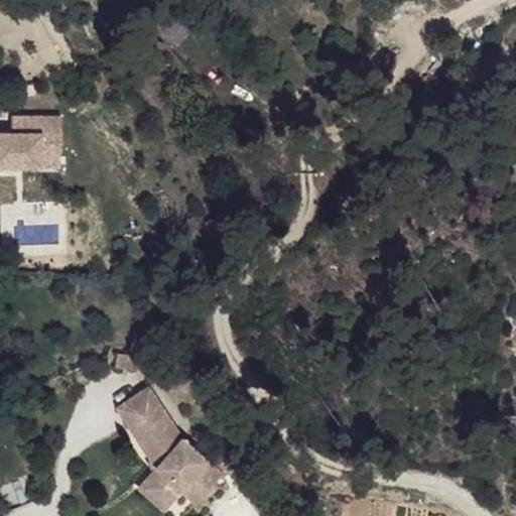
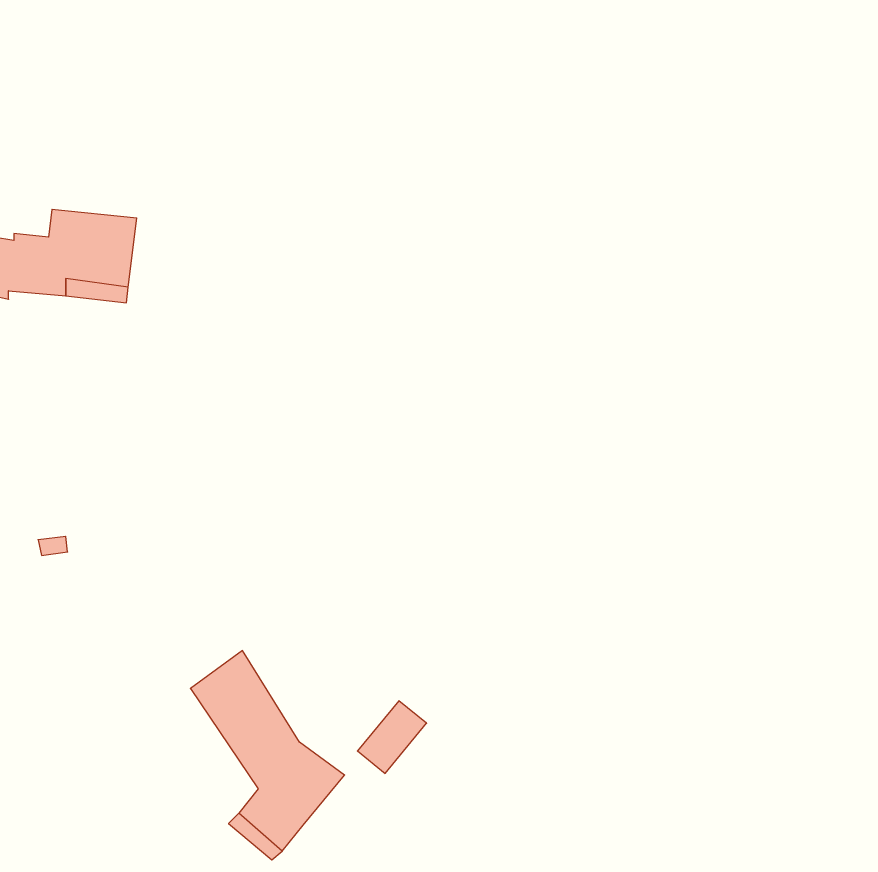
building: [176,452,217,494] -> [357,701,427,773]

